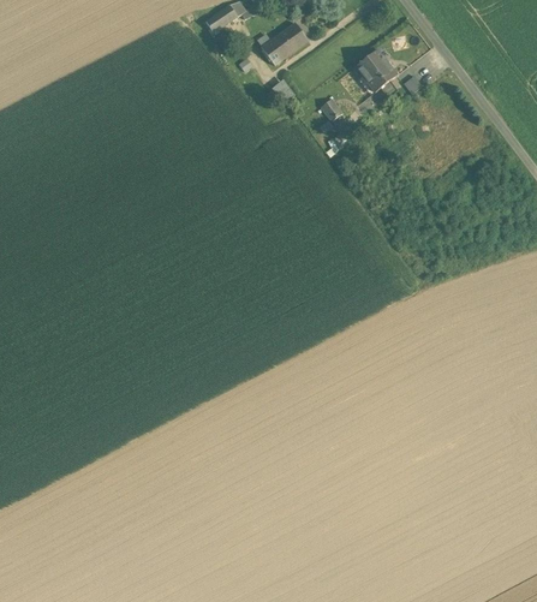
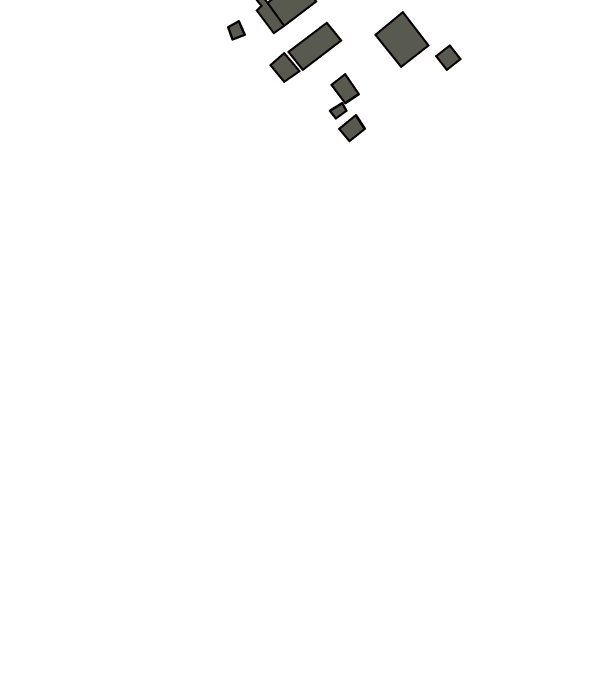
building: none -> [289,23,341,70]

